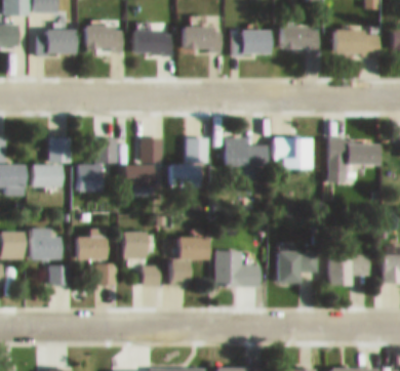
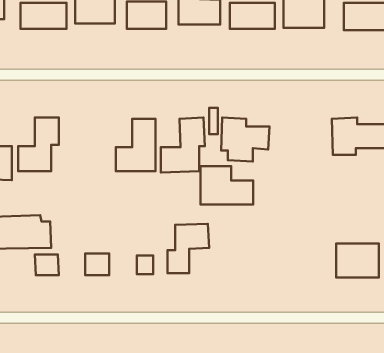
building: [75,137,116,191] -> none
building: [272,137,314,170] -> none
building: [74,229,108,259] -> none
building: [123,232,149,259] -> none
building: [213,251,263,287] -> [201,166,253,205]
building: [275,251,317,283] -> none

